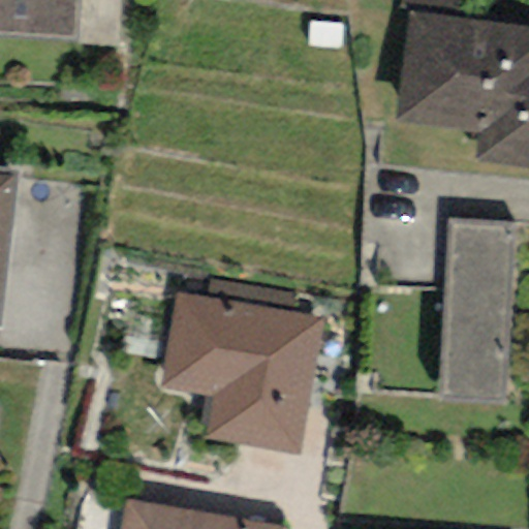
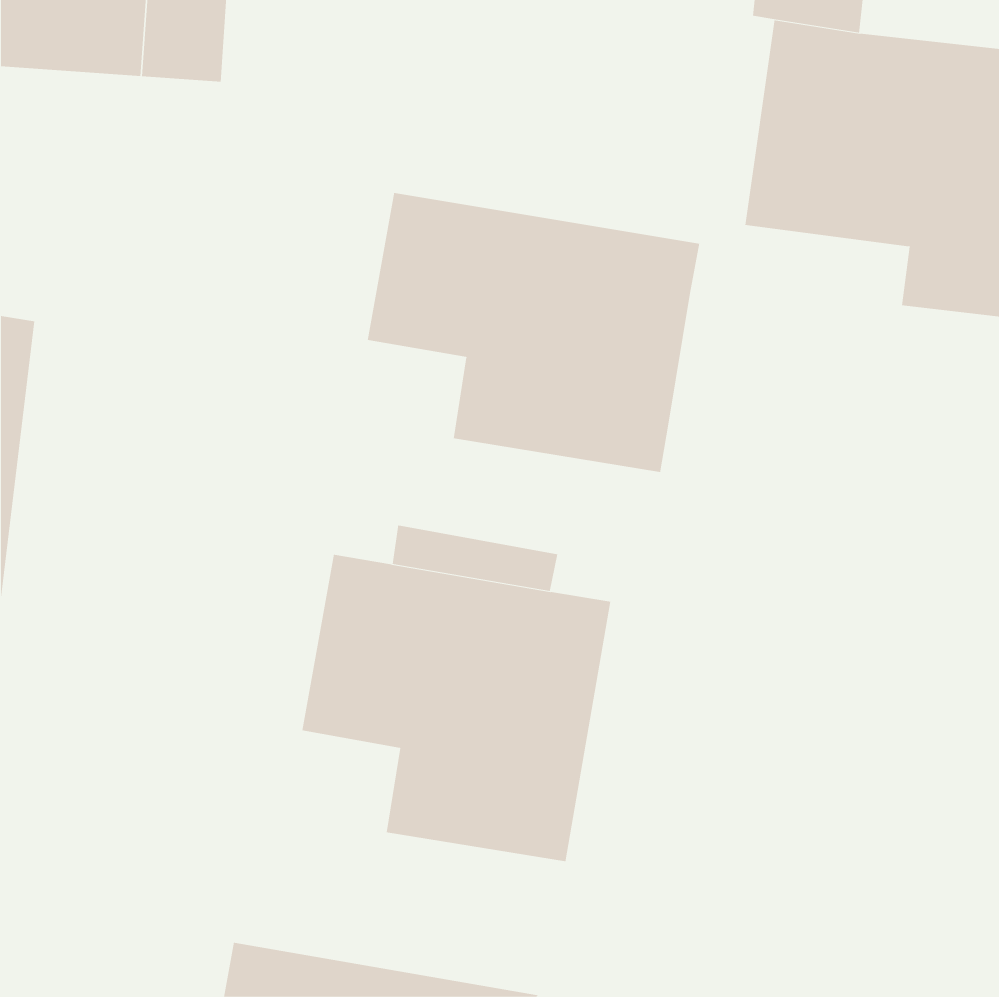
building: none -> [367,192,700,473]
building: [438,217,517,401] -> none

